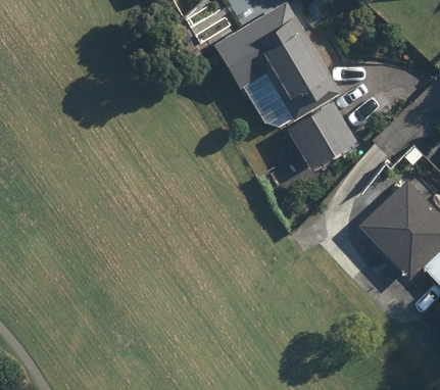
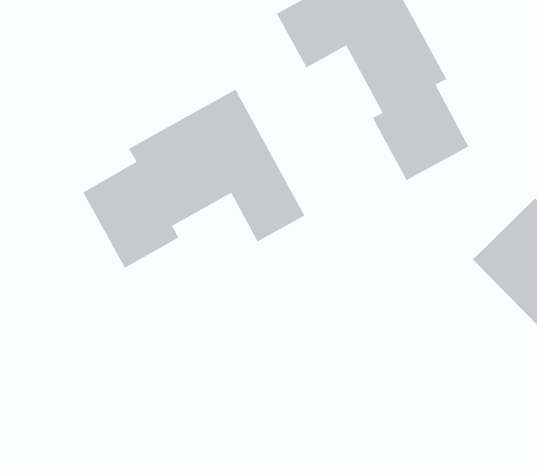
building: none -> [82,88,306,269]

